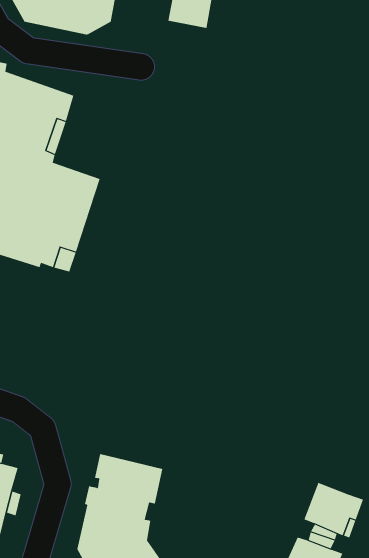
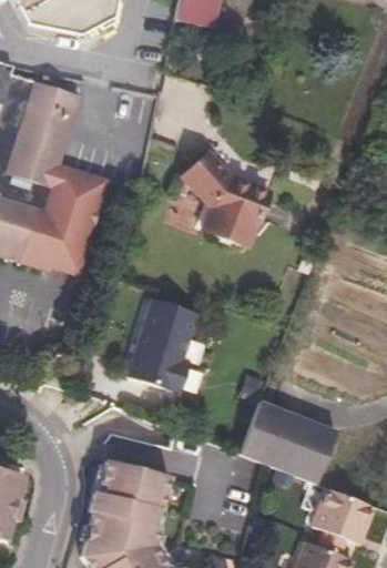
building: none -> [181,153,266,246]
building: none -> [129,301,204,398]
building: none -> [236,399,336,483]

